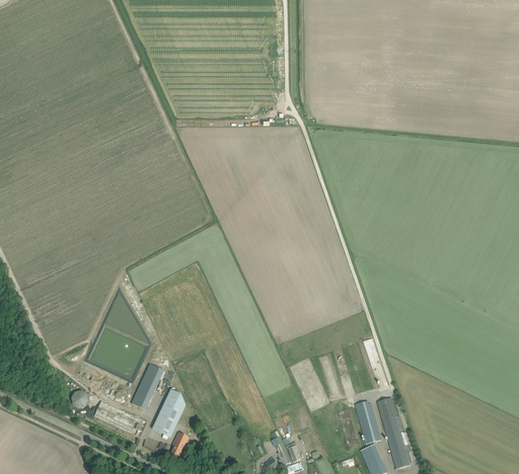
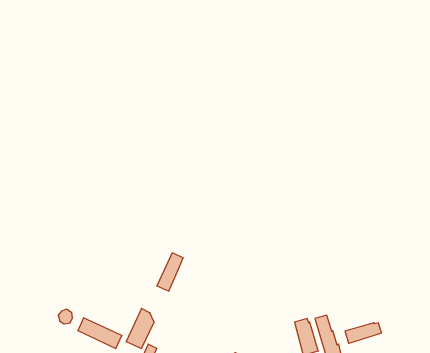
building: [132,364,163,409] -> [157,253,183,291]
building: none -> [345,323,382,343]

